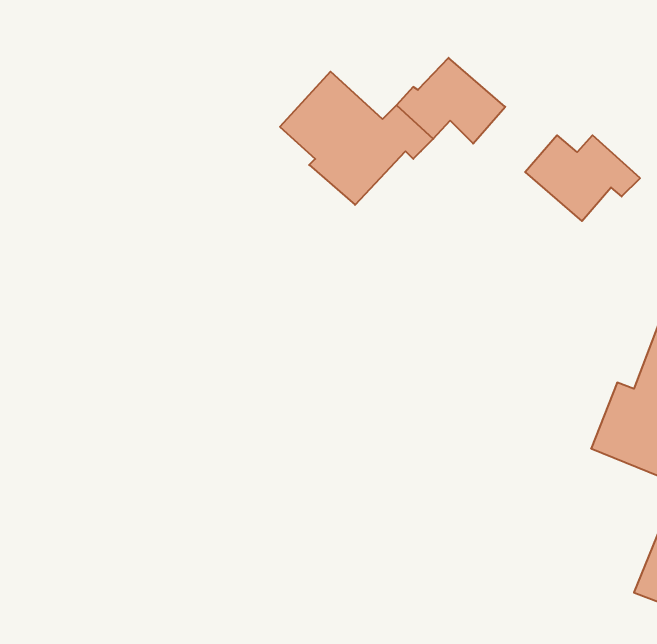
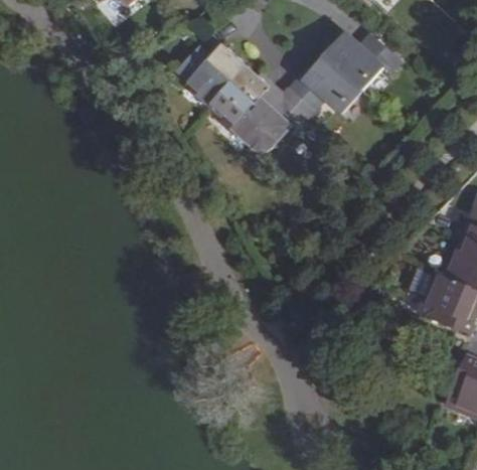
building: none -> [177,45,246,103]
building: [525,135,640,221] -> [323,33,399,90]

